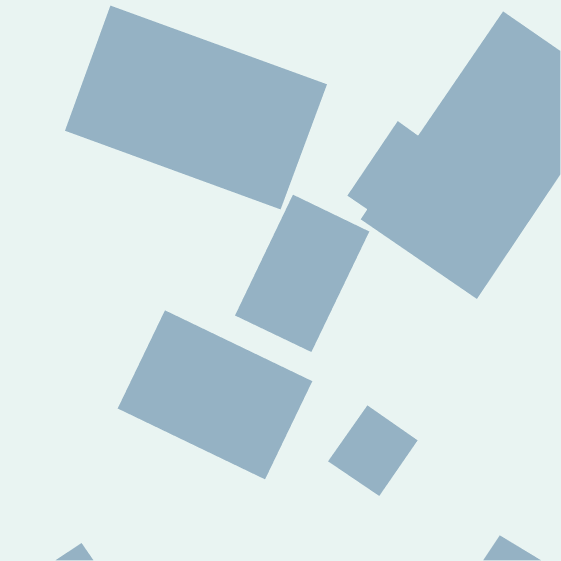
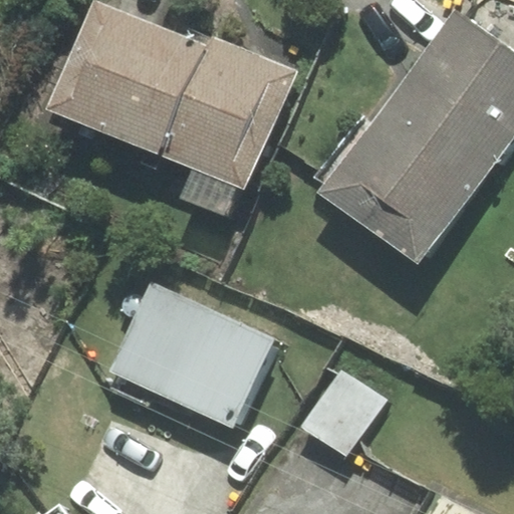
building: [234,194,371,353] -> none

